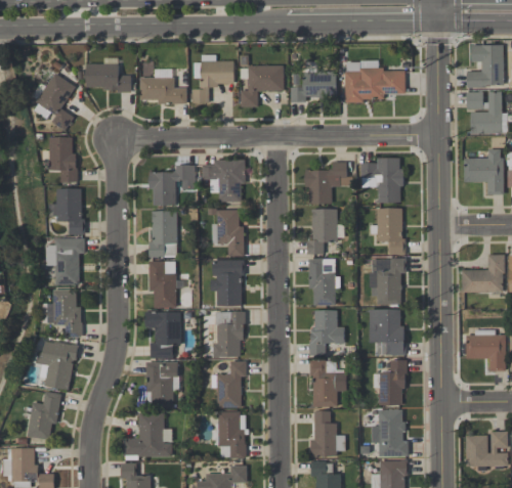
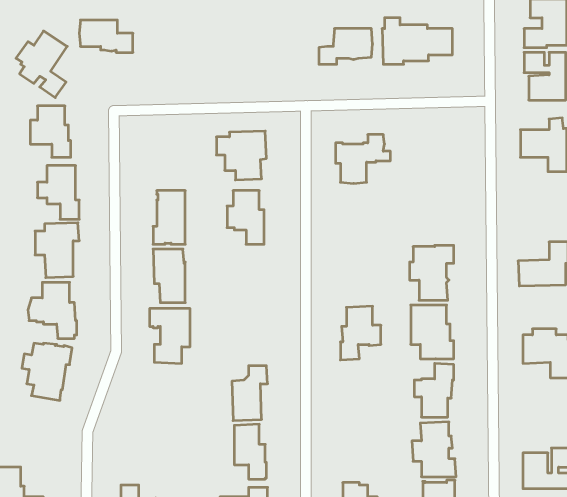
building: [191,54,233,104] -> none
building: [240,65,284,107] -> none
building: [140,78,186,103] -> none
building: [361,159,403,204] -> none
building: [148,165,195,207] -> none
building: [307,209,344,255] -> none
building: [371,209,406,255] -> none
building: [309,259,340,306] -> none
building: [205,260,245,307] -> none
building: [213,312,246,358] -> none
building: [309,360,346,407] -> none
building: [146,362,177,408] -> none
building: [28,392,61,440] -> none
building: [310,411,345,457] -> none
building: [123,412,172,460] -> none

